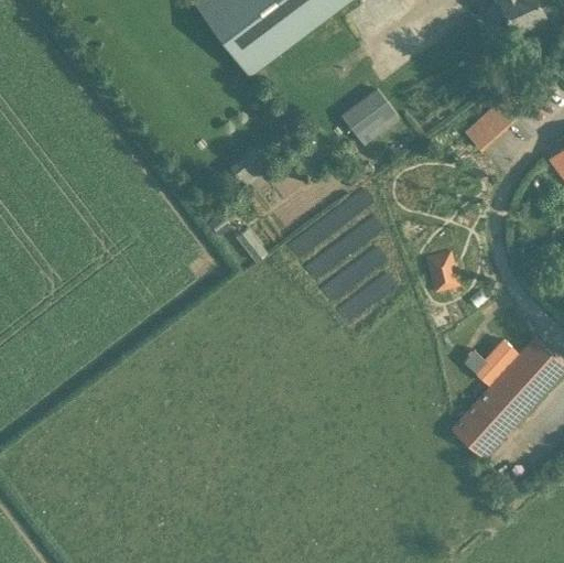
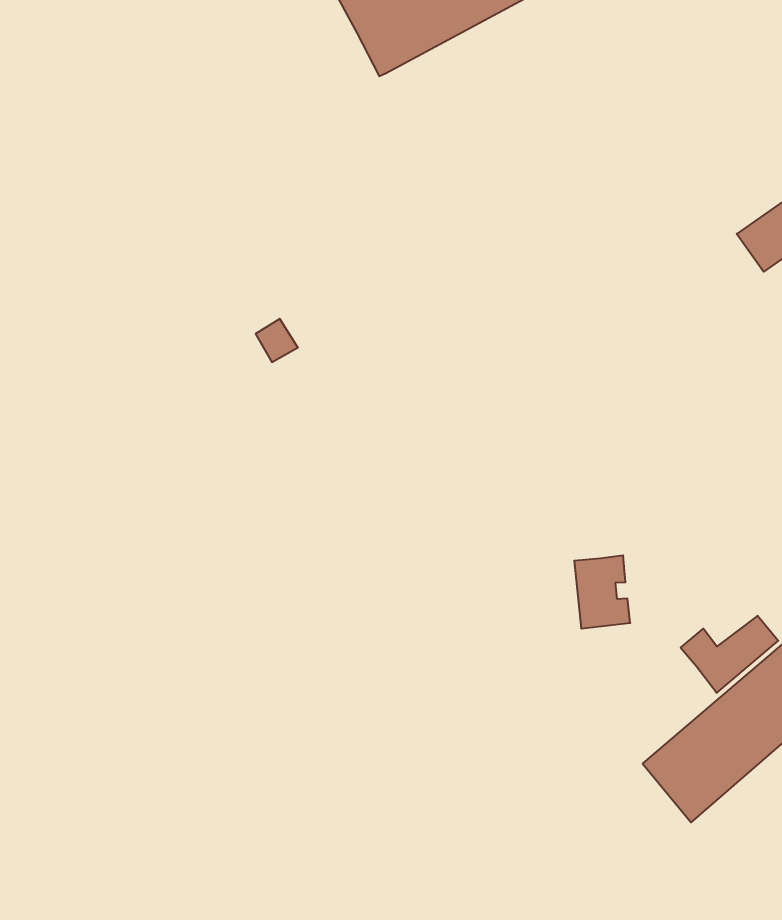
building: [341,89,394,139] -> none
building: [425,250,460,293] -> [574,555,630,628]

